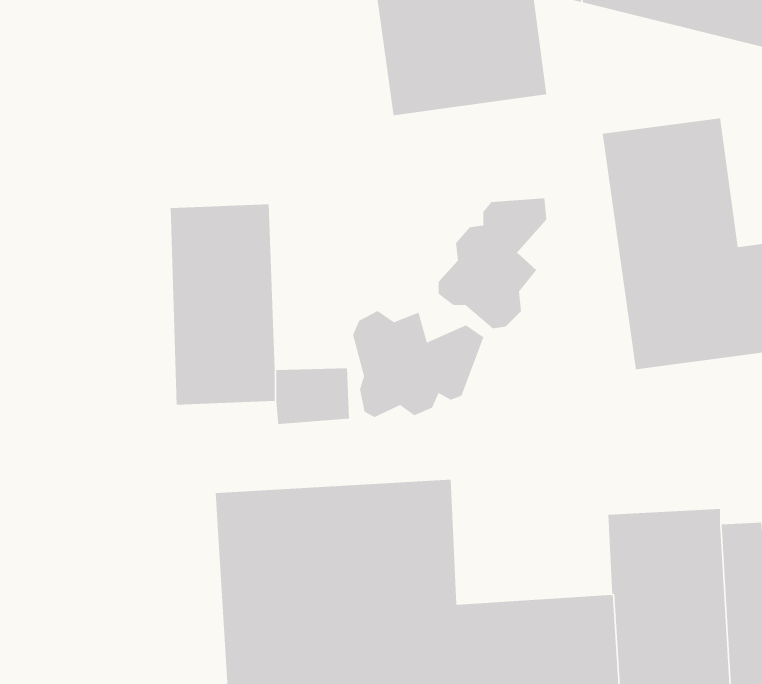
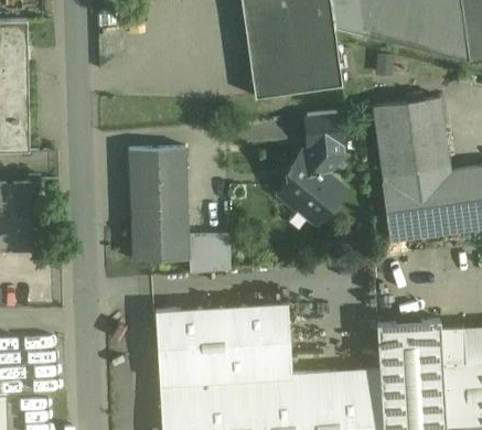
building: none -> [307,114,341,147]
building: [352,310,484,418] -> none

